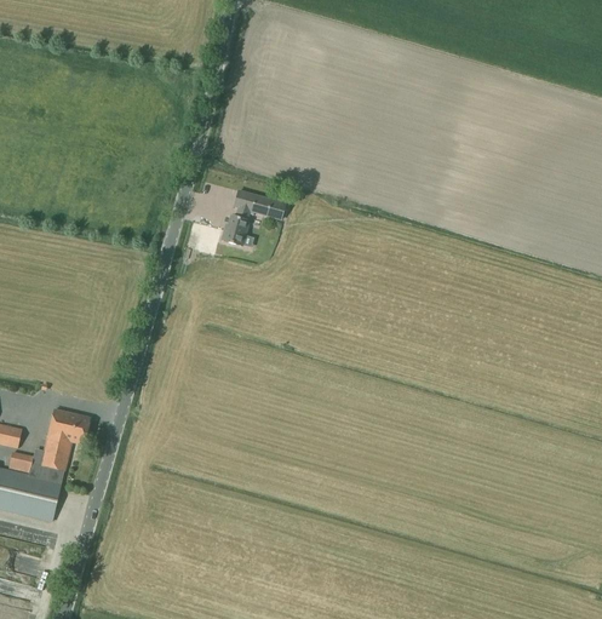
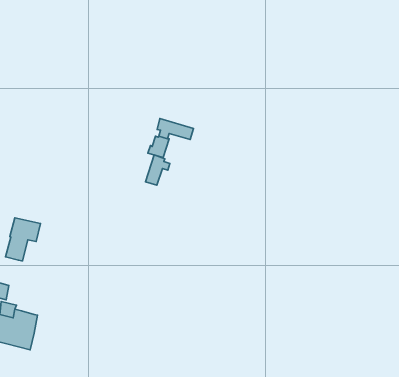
building: none -> [146,155,170,185]
building: [40,409,90,471] -> [6,218,40,261]

